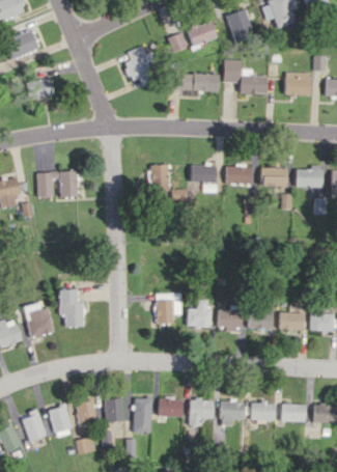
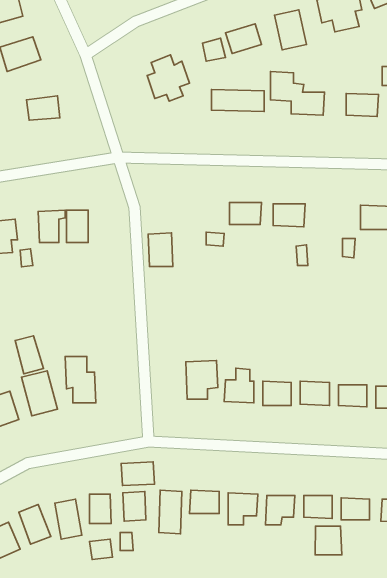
building: [149,164,169,191] -> [148,233,173,266]
building: [261,168,287,186] -> none
building: none -> [15,336,43,374]
building: none -> [121,462,155,486]
building: none -> [315,526,342,555]

